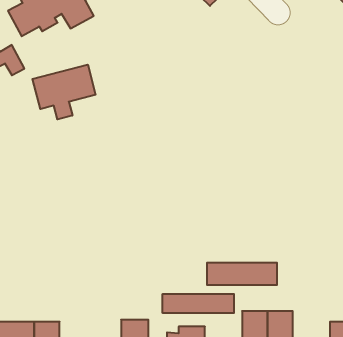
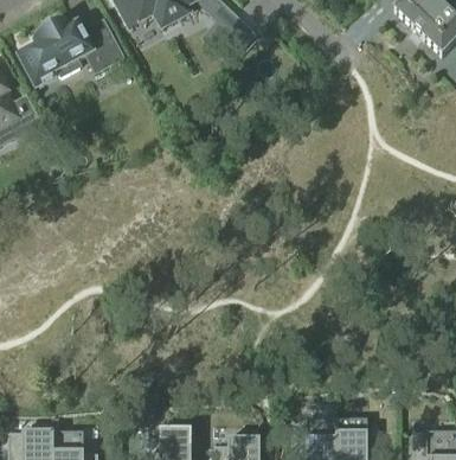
building: [32,65,96,119] -> none
building: [207,263,277,285] -> none
building: [163,294,234,313] -> none

